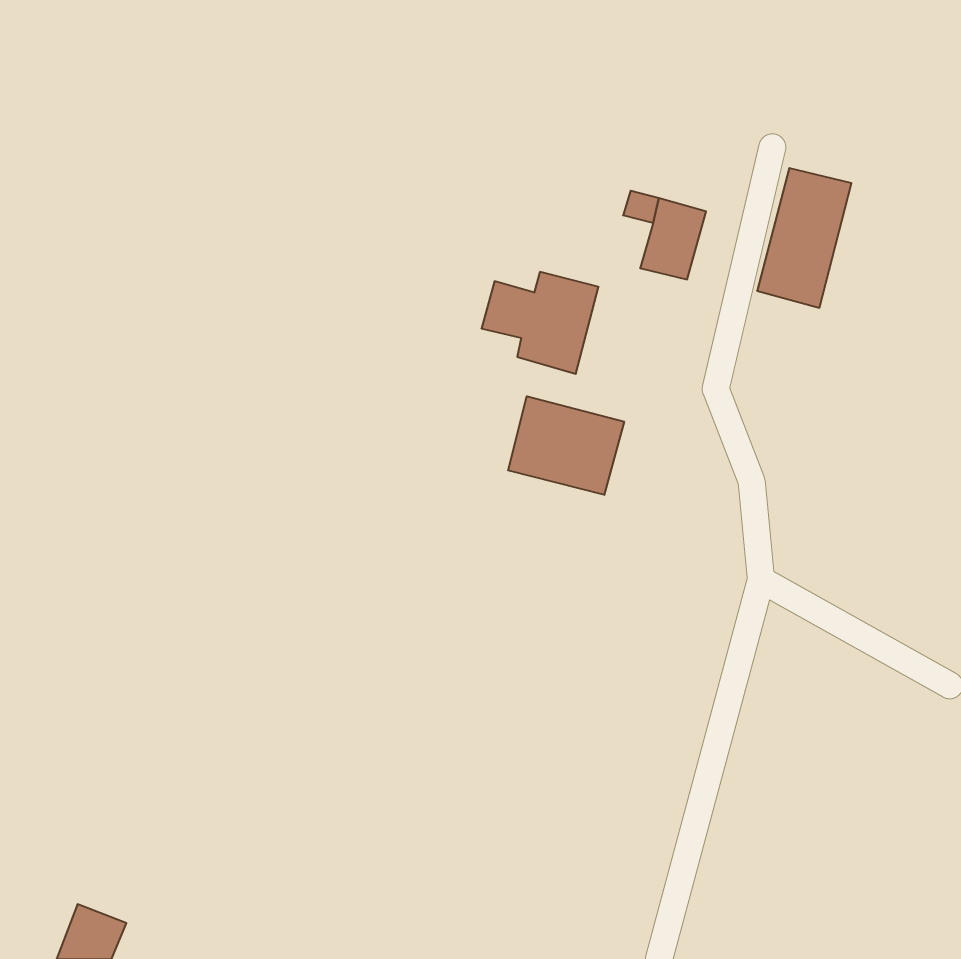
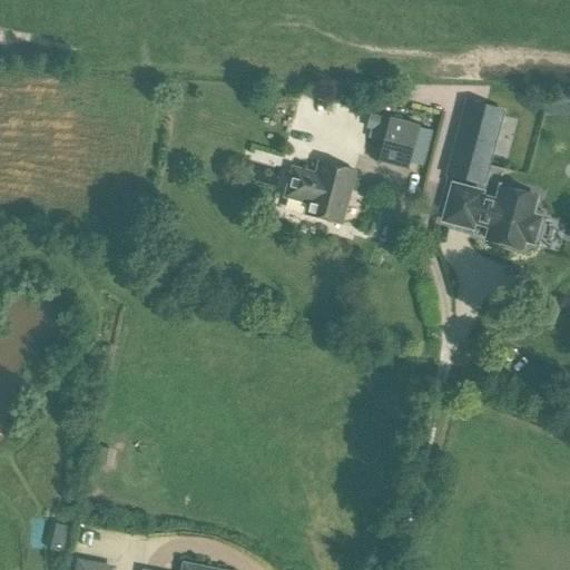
building: none -> [445,184,548,255]
building: [508,396,624,495] -> none

